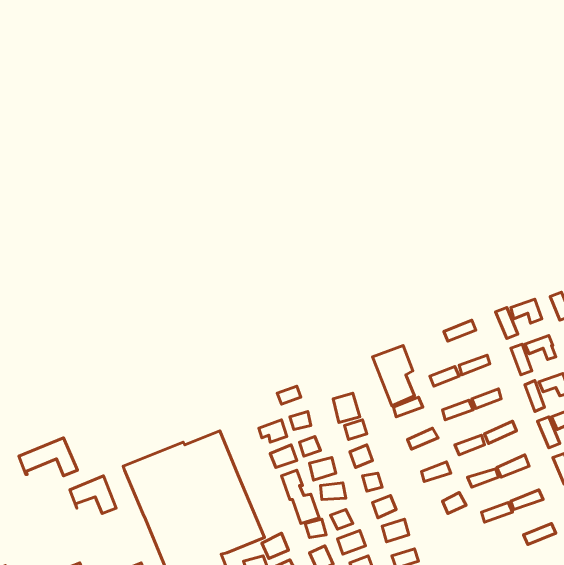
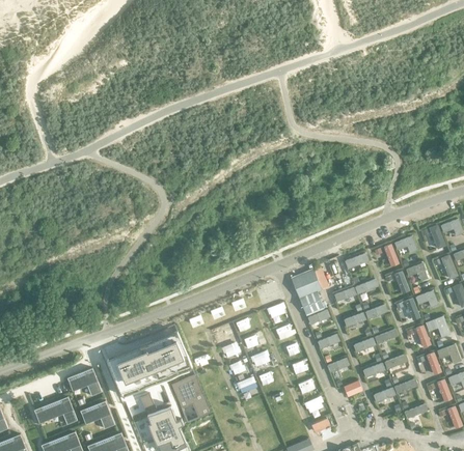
building: [19,438,78,476] -> [33,396,77,424]
building: none -> [80,400,115,428]

